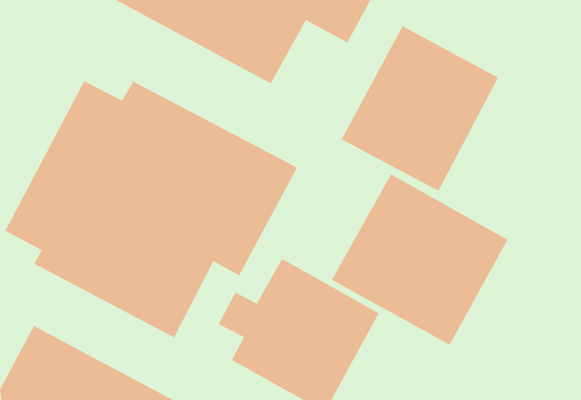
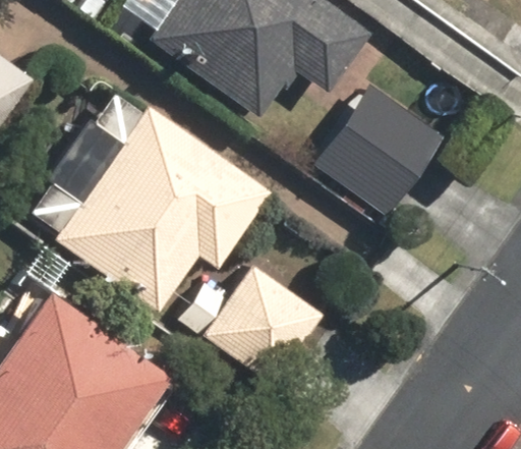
building: [331,174,508,345] -> none

